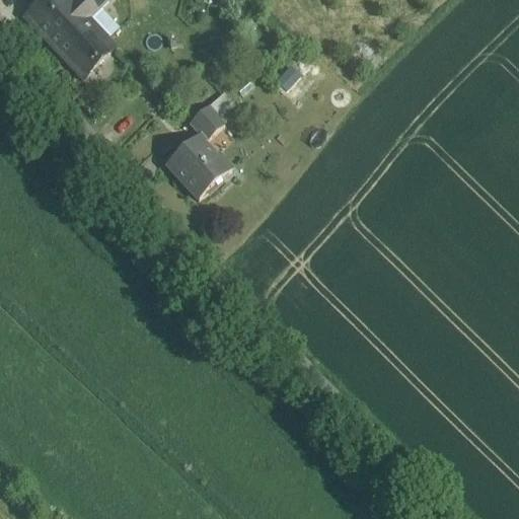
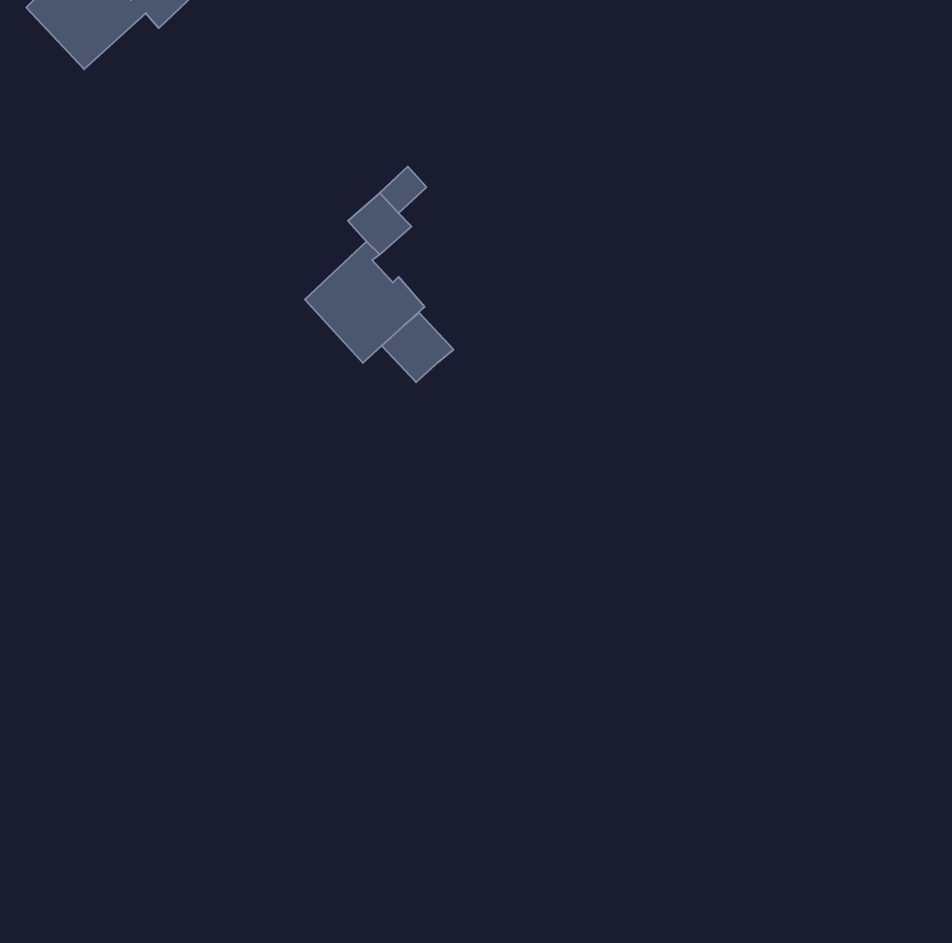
building: [46,7,114,75] -> none
building: none -> [382,313,453,382]

